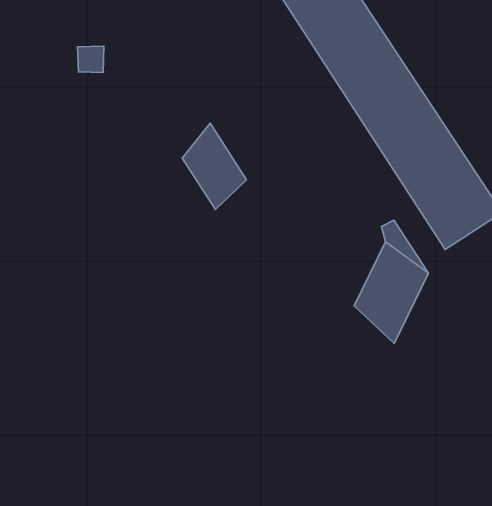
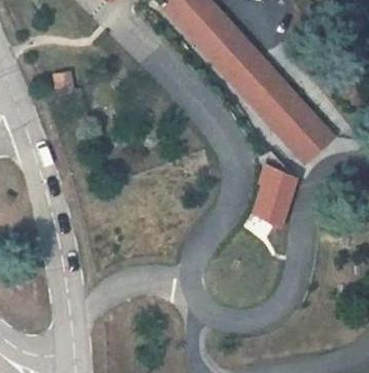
building: [182,123,247,210] -> none

